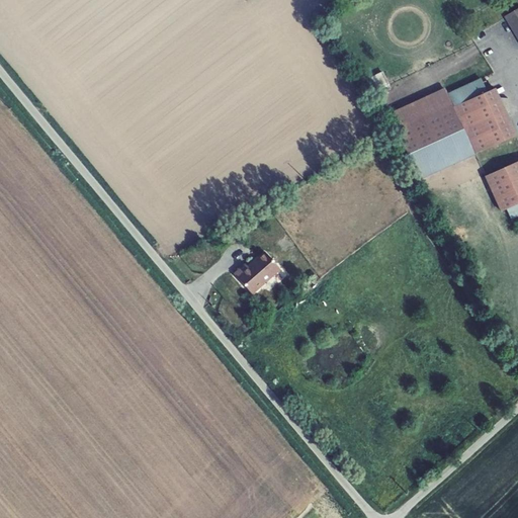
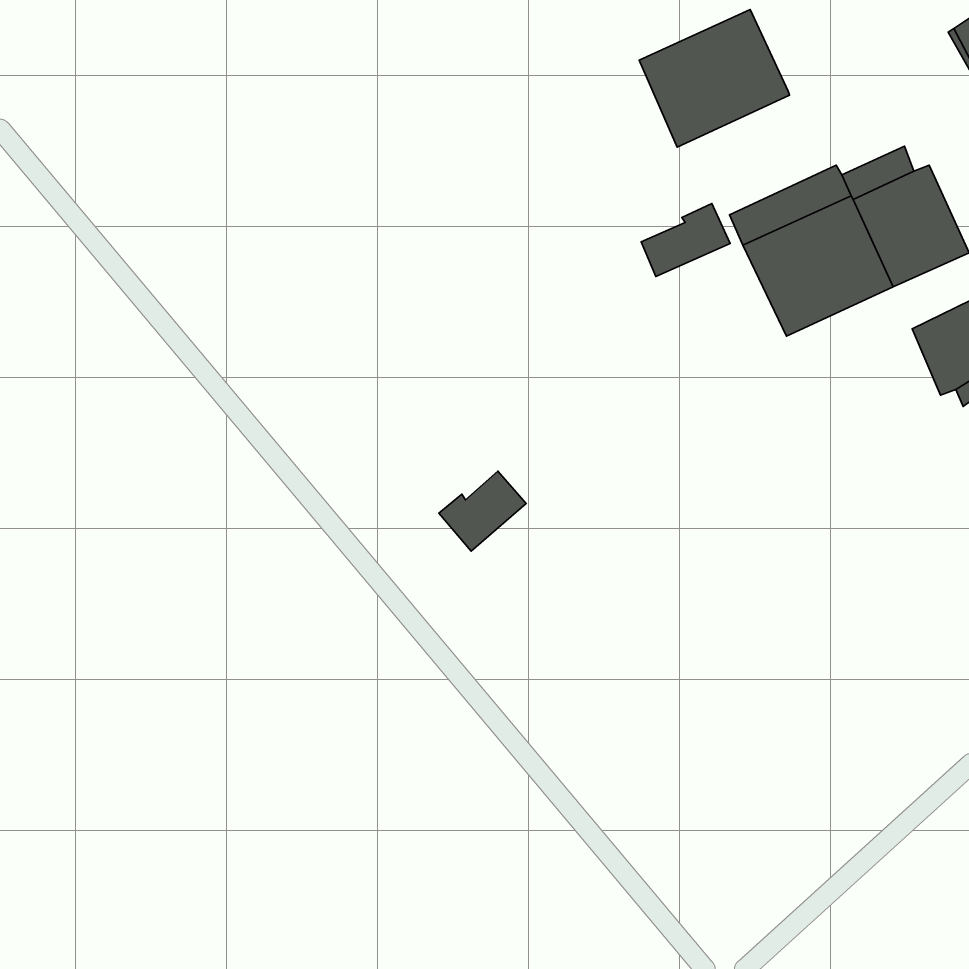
building: none -> [639,10,790,147]
building: none -> [641,203,730,277]

